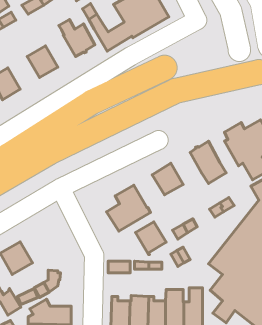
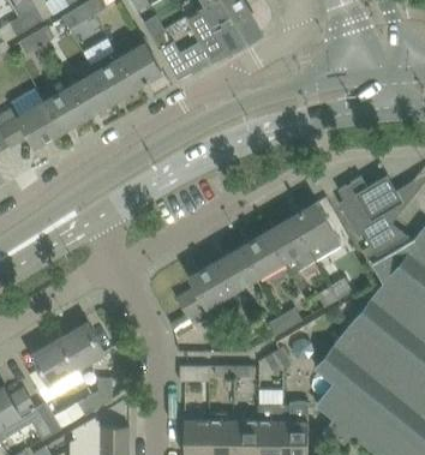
building: none -> [89,52,134,102]
building: none -> [42,88,85,132]
building: none -> [264,218,316,276]
building: [135,222,166,255] -> [214,249,256,293]
building: none -> [59,323,103,369]

